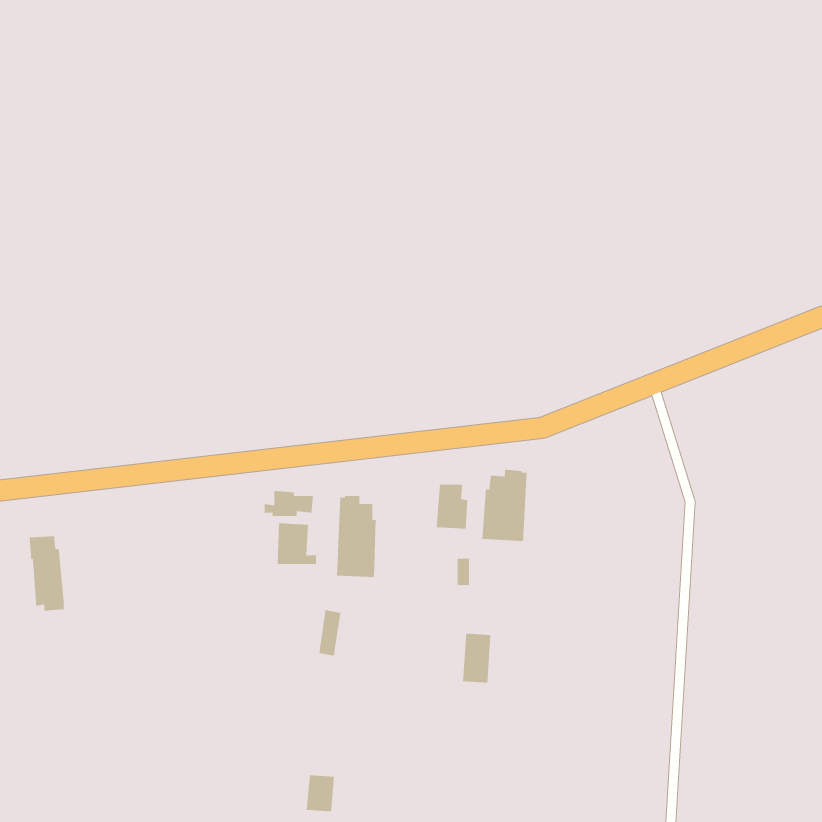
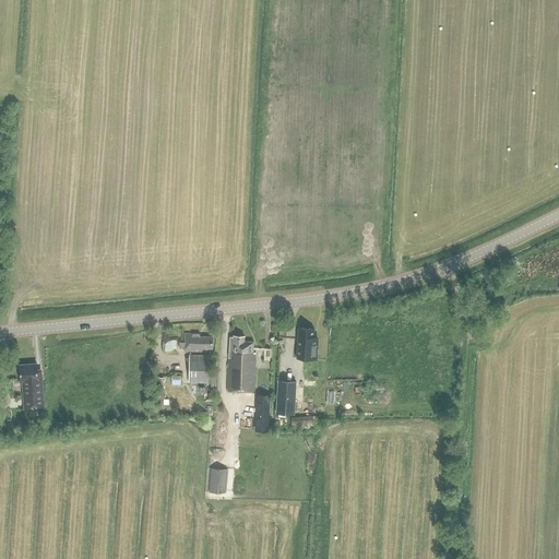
building: [482,469,527,542] -> none
building: [462,633,491,683] -> [276,380,296,414]
building: [306,775,335,812] -> [207,468,227,493]

